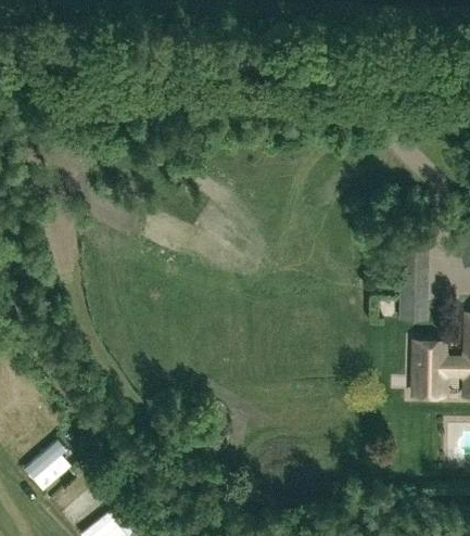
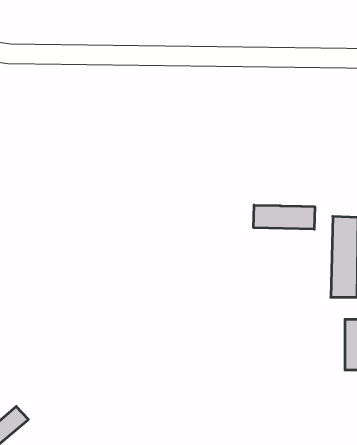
building: none -> [254,205,315,229]

